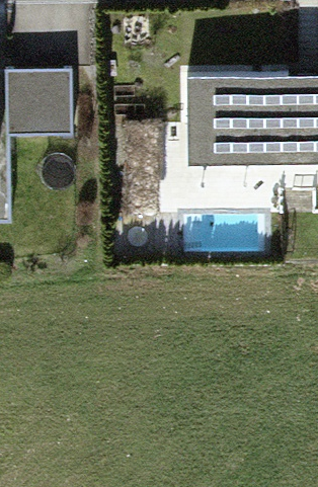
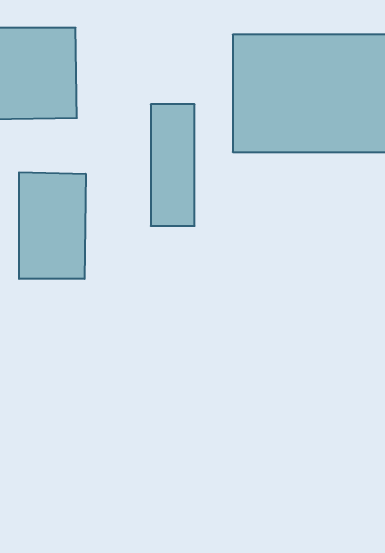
building: [189,163,280,210] -> none
building: none -> [19,172,86,279]

